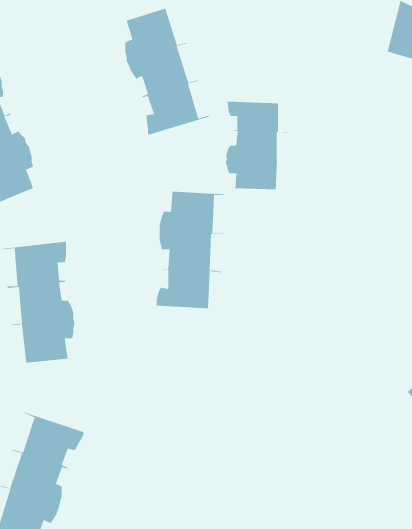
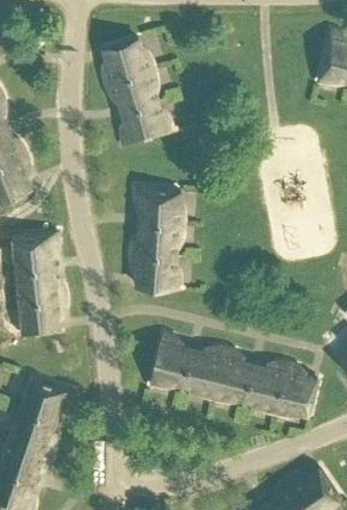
building: [225,101,289,190] -> none
building: none -> [150,335,317,417]

